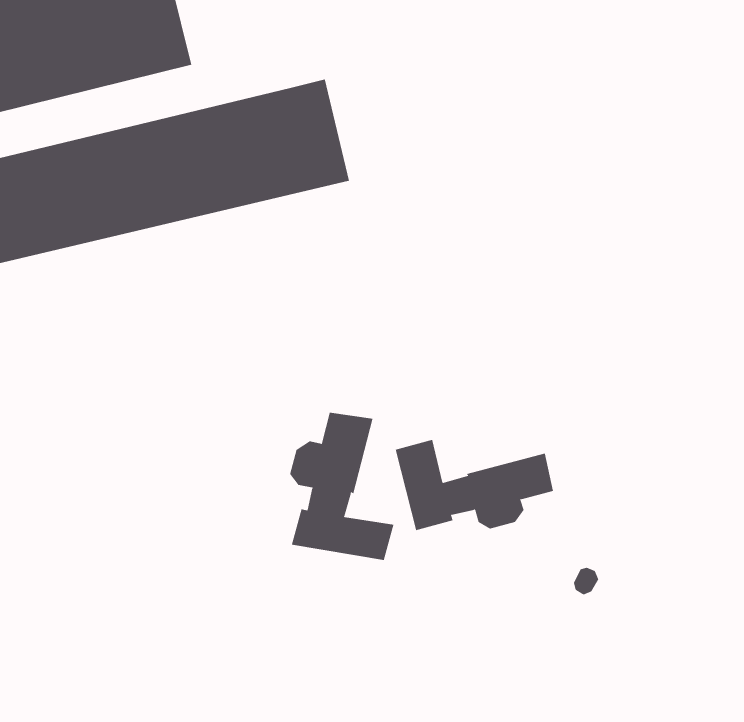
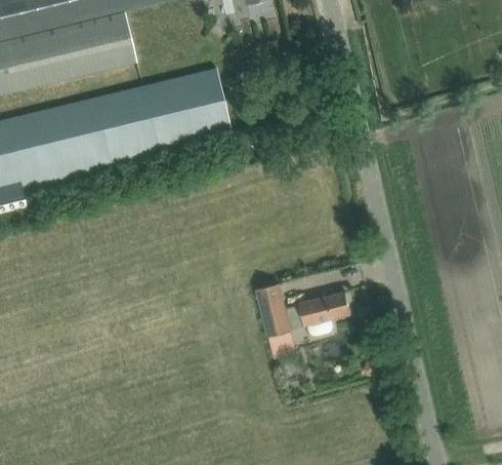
building: [290,412,394,561] -> none

